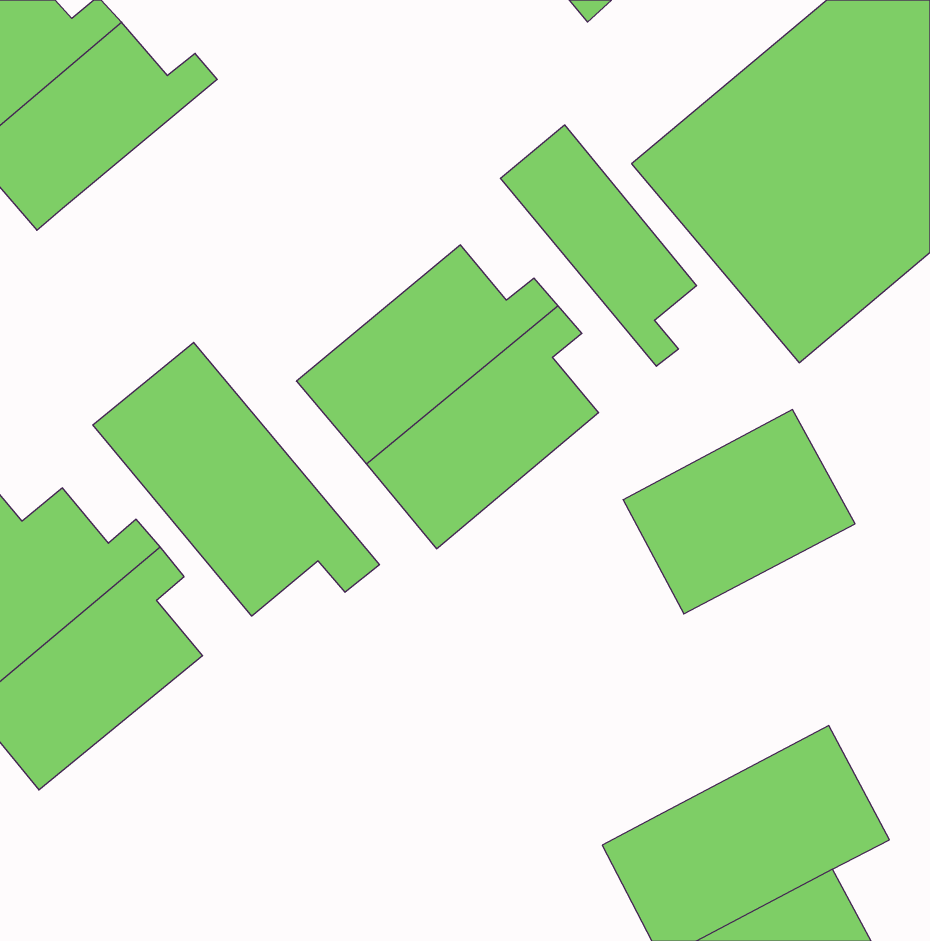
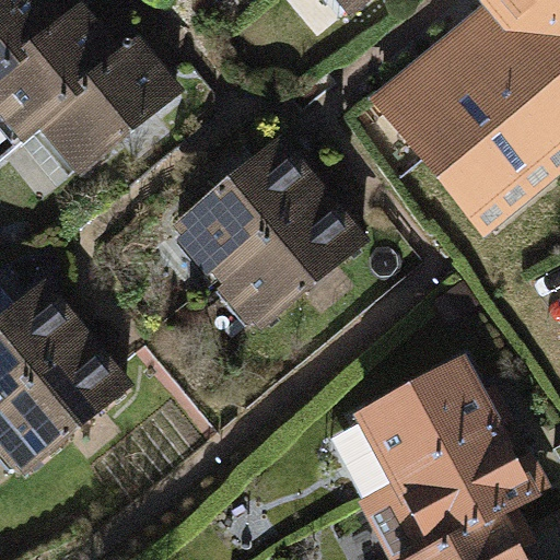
building: none -> [37,34,170,172]
building: [500,125,697,366] -> none
building: [93,342,379,616] -> none
building: [623,410,855,614] -> [354,363,492,485]

